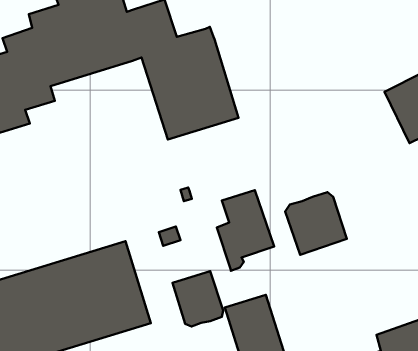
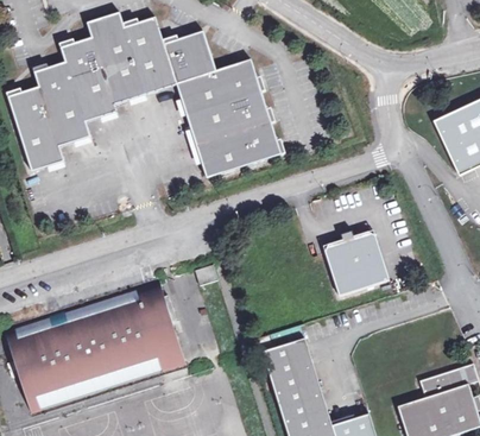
building: [217,190,274,271] -> none
building: [172,271,223,327] -> none

